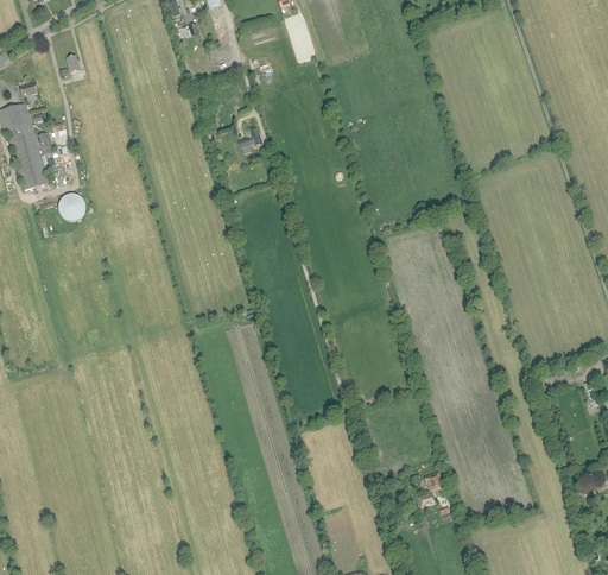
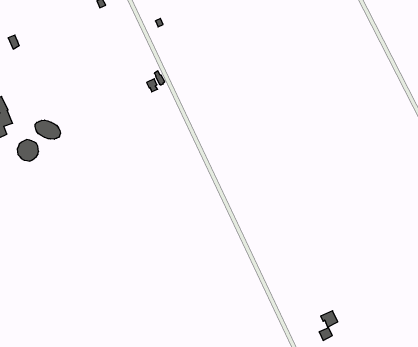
building: none -> [35,120,61,139]

